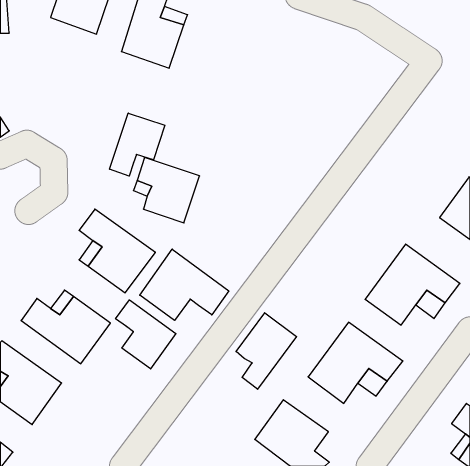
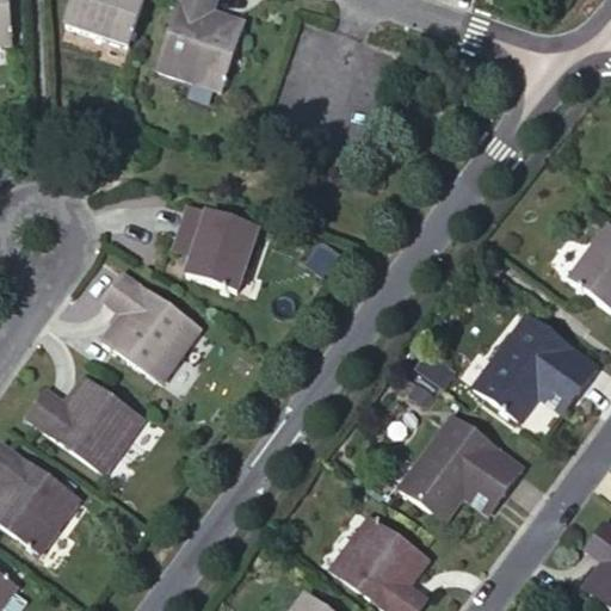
building: [110,113,165,176] -> none
building: [140,249,229,320] -> none
building: [116,300,176,369] -> none
building: [236,313,297,389] -> none

